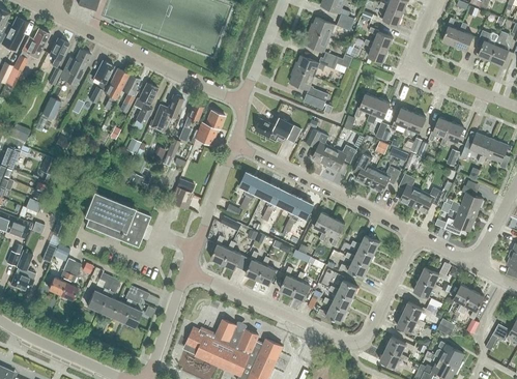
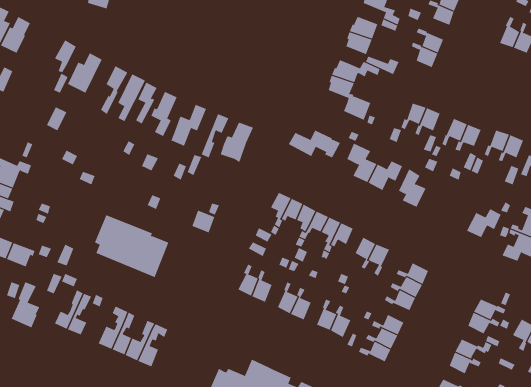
building: [13,28,50,71] -> none
building: [369,166,400,192] -> none
building: [399,173,421,206] -> none

